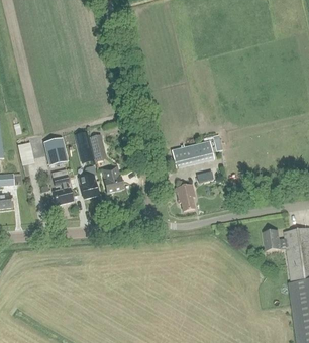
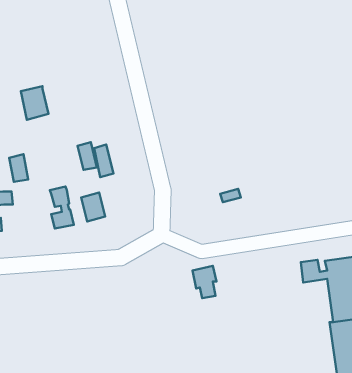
building: [42,136,66,164] -> [21,86,49,120]
building: [170,140,213,167] -> none
building: [101,164,122,193] -> none
building: [174,183,194,210] -> [193,266,217,298]

